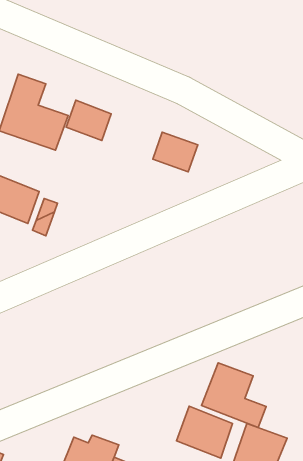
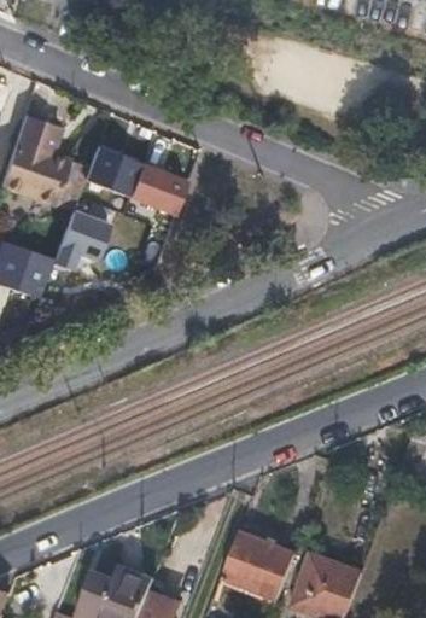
building: [153,132,198,172] -> [129,163,186,212]
building: none -> [51,209,111,268]
building: [202,363,266,428] -> none

